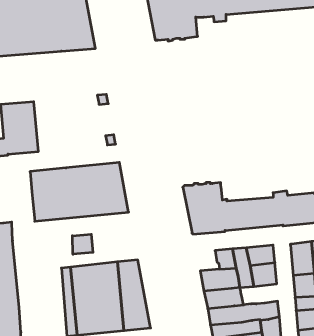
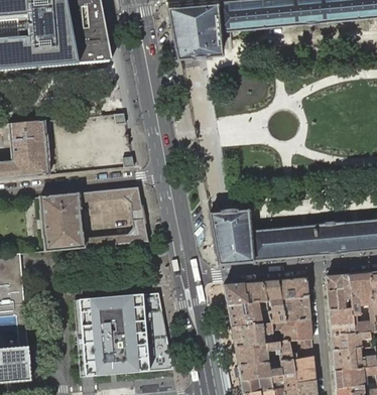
building: [72,234,93,254] -> none
building: none -> [223,284,248,306]
building: none -> [270,320,311,343]

